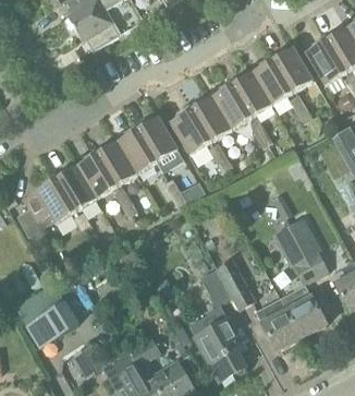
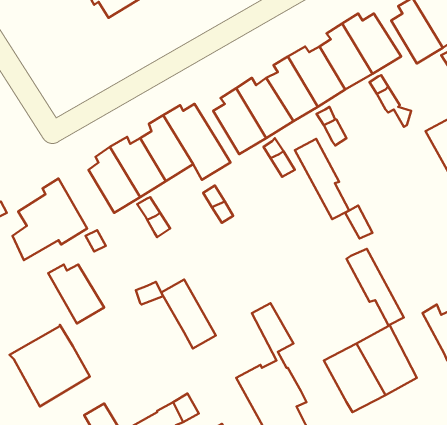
building: [54,166,97,211] -> [48,265,104,323]
building: [289,217,330,278] -> [295,139,349,219]
building: [216,257,257,310] -> [161,280,216,348]

